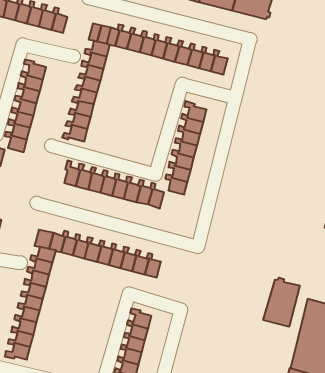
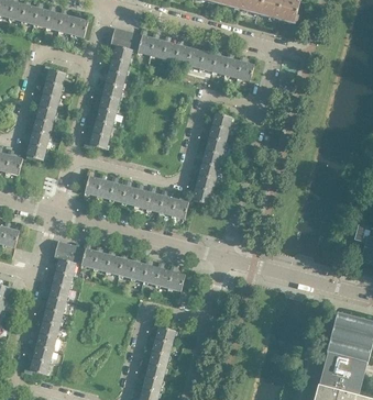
building: [263,278,300,327] -> none

